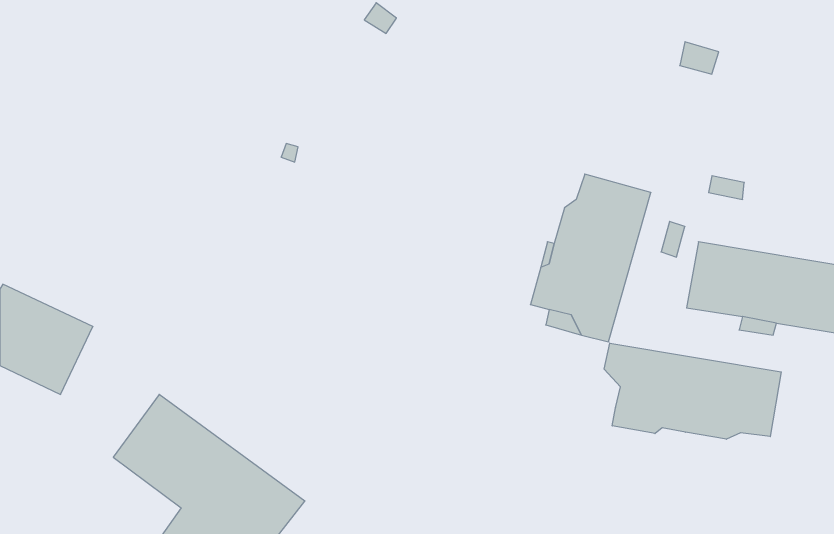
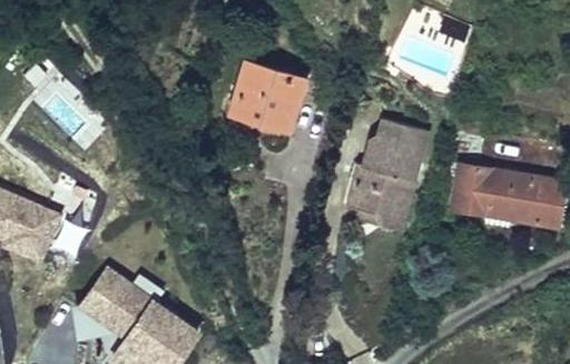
building: none -> [230,60,305,128]
building: [604,343,781,439] -> none

